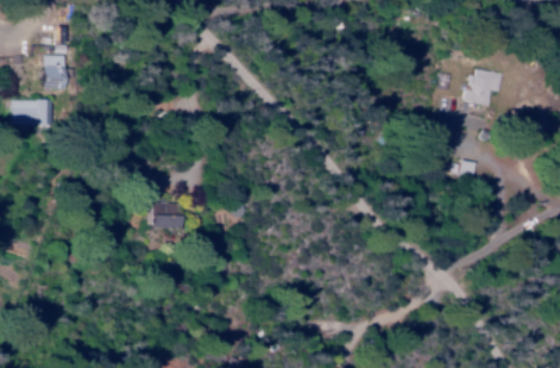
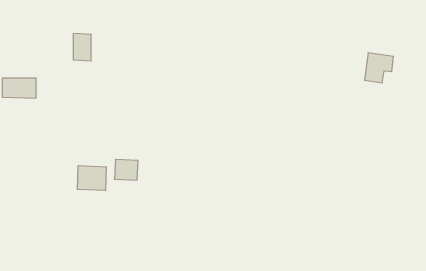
building: [43,55,65,89] -> [73,34,91,61]
building: none -> [77,166,106,191]

